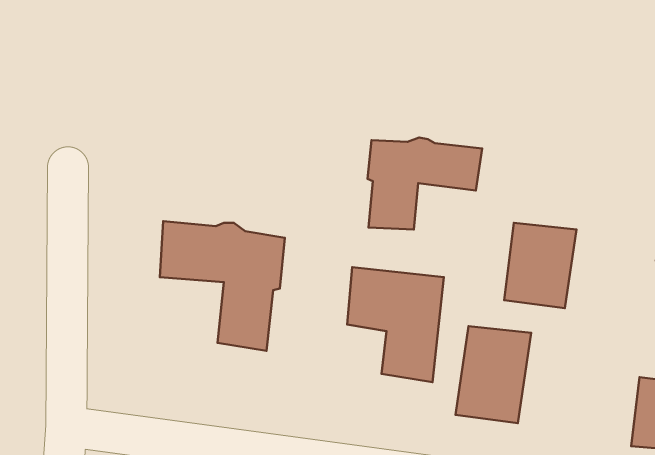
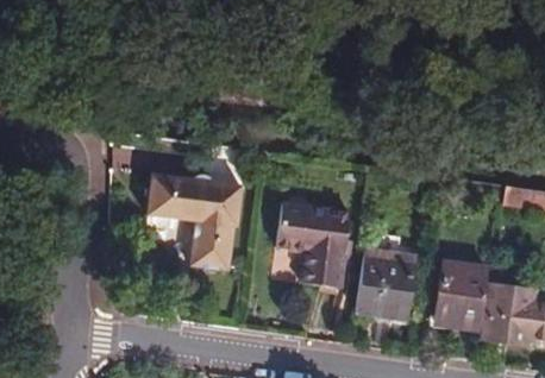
building: [367,138,482,230] -> none
building: [504,223,576,308] -> [434,265,487,327]

